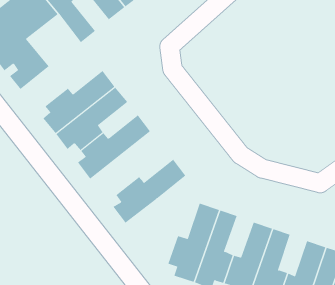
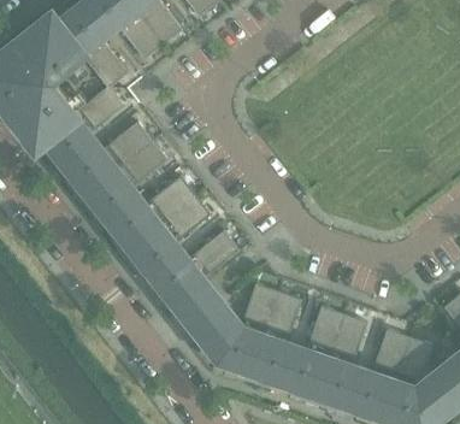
building: none -> [36,87,125,165]
building: none -> [122,195,211,273]
building: none -> [165,278,241,372]

